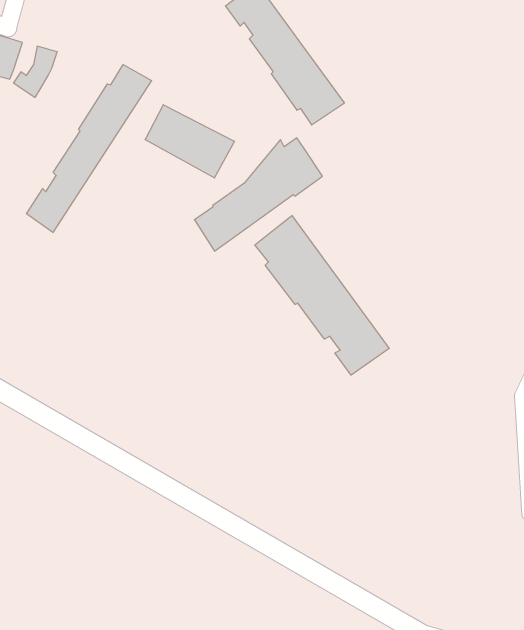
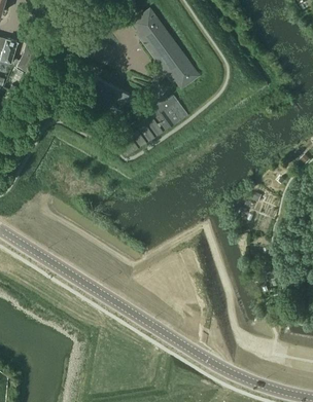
building: [27,65,152,232] -> none
building: [255,216,389,375] -> none

